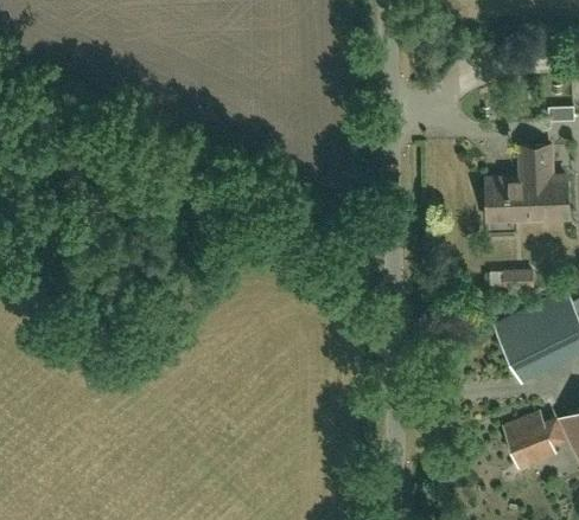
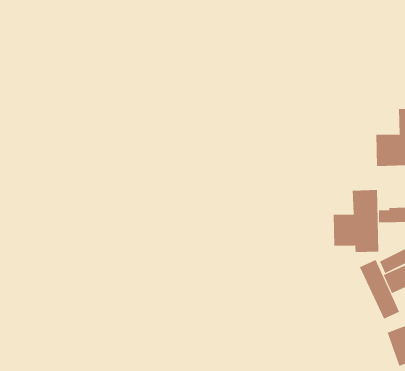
building: none -> [333,189,379,253]
building: none -> [359,259,400,319]

